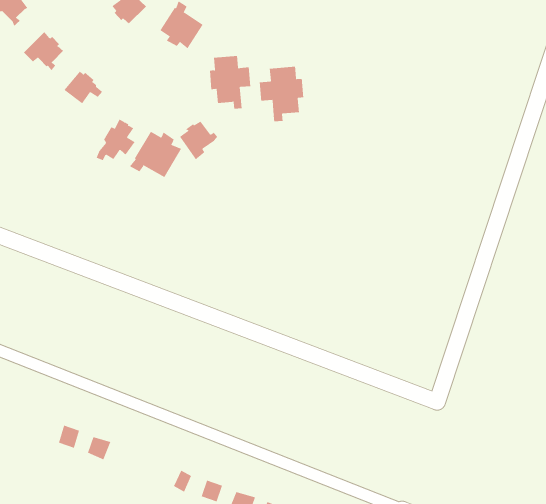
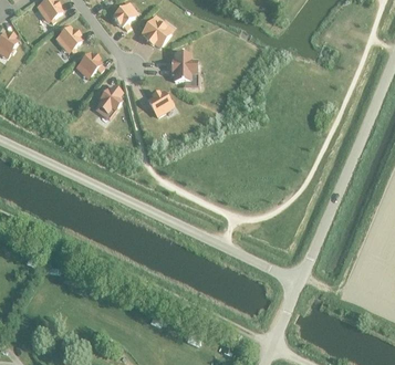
building: [259,66,304,122] -> none
building: [129,131,182,178] -> none

